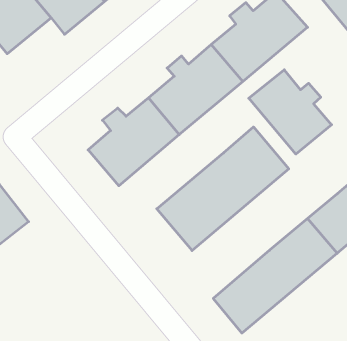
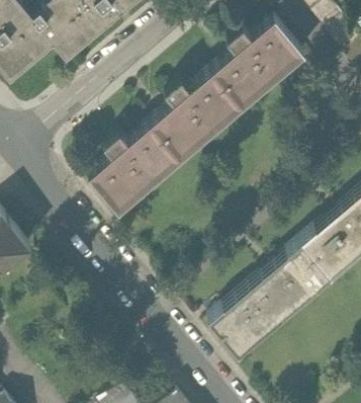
building: [249,70,332,154] -> none
building: [157,127,289,251] -> none

